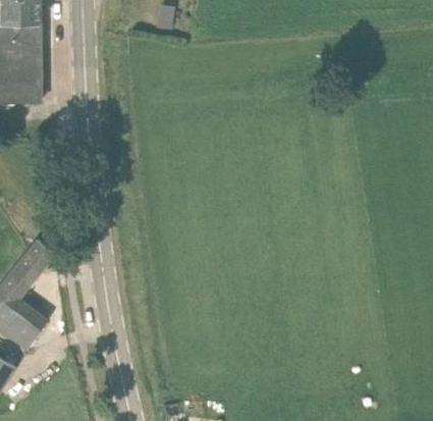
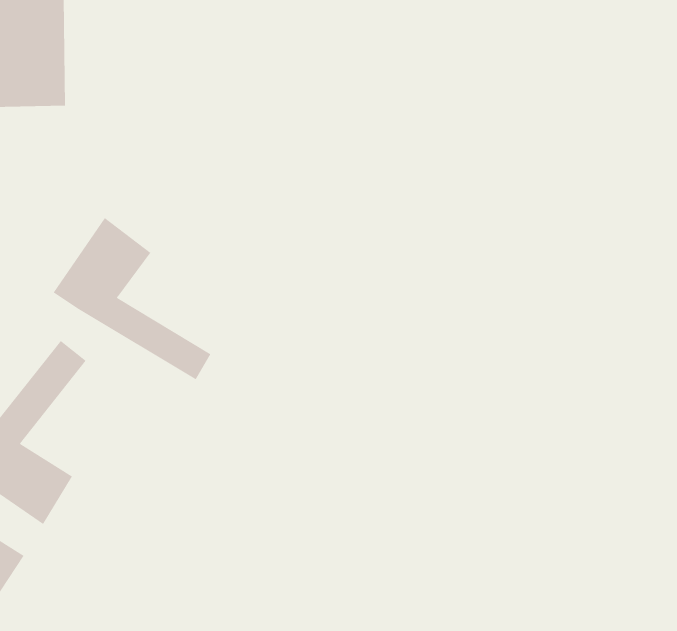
building: none -> [53,217,211,380]

